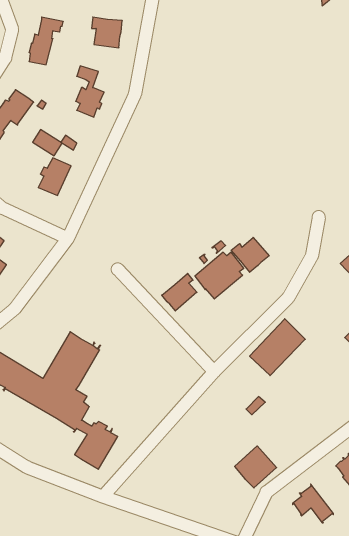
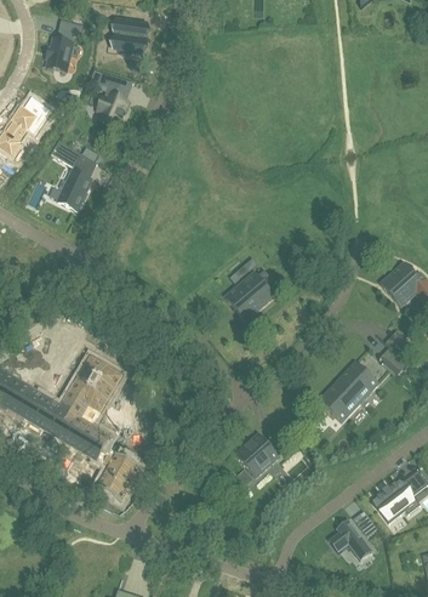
building: [231,237,269,272] -> none
building: [162,273,197,311] -> none
building: [250,319,305,376] -> [318,360,377,421]
building: [235,446,277,488] -> [234,432,279,477]

